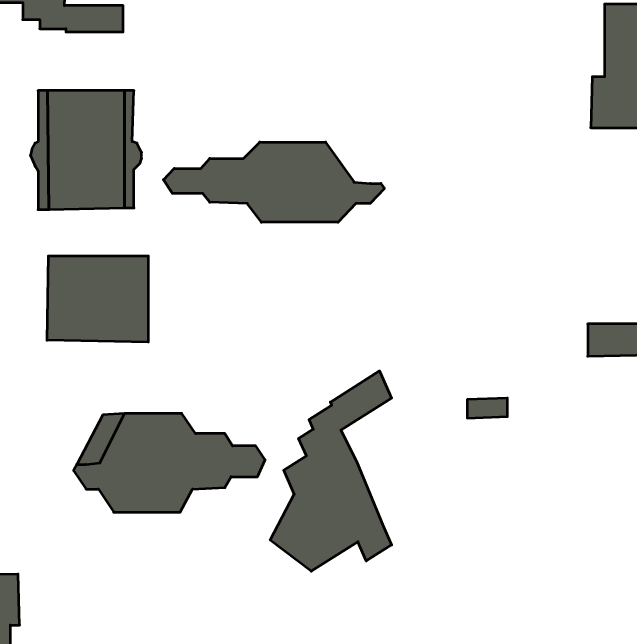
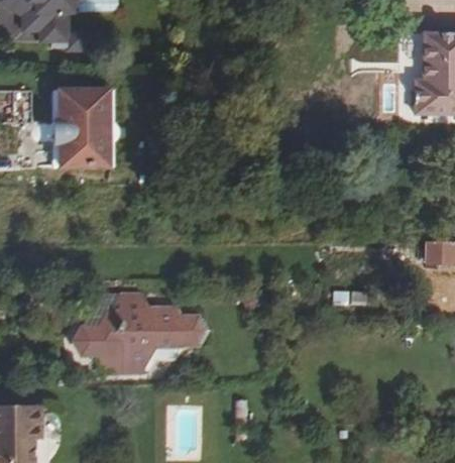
building: [163,142,384,222] -> none
building: [47,256,148,342] -> none
building: [270,371,392,571] -> none

